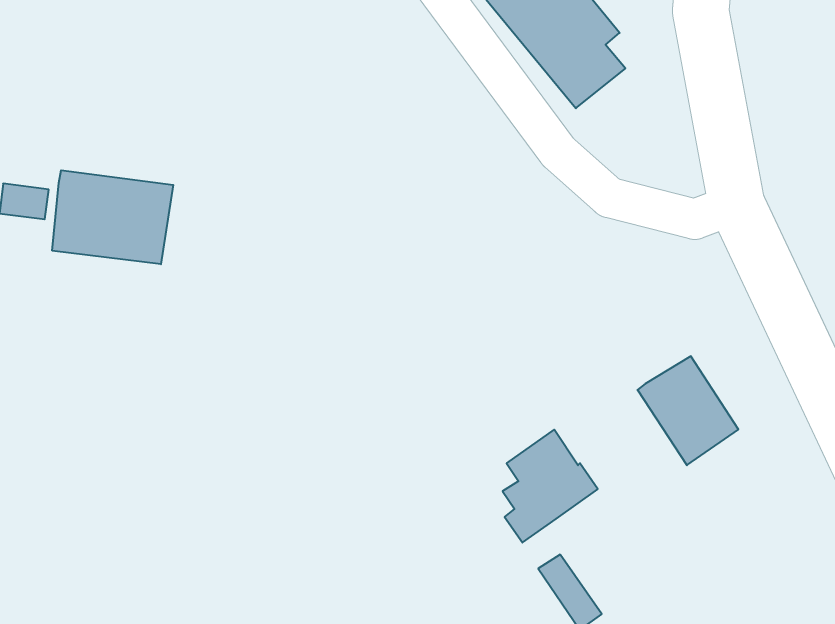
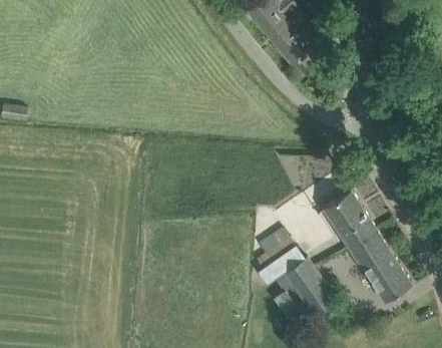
building: [52,170,173,264] -> none
building: none -> [349,229,412,303]
building: none -> [283,258,336,317]

